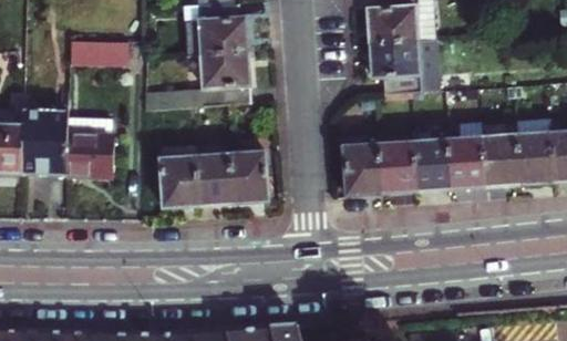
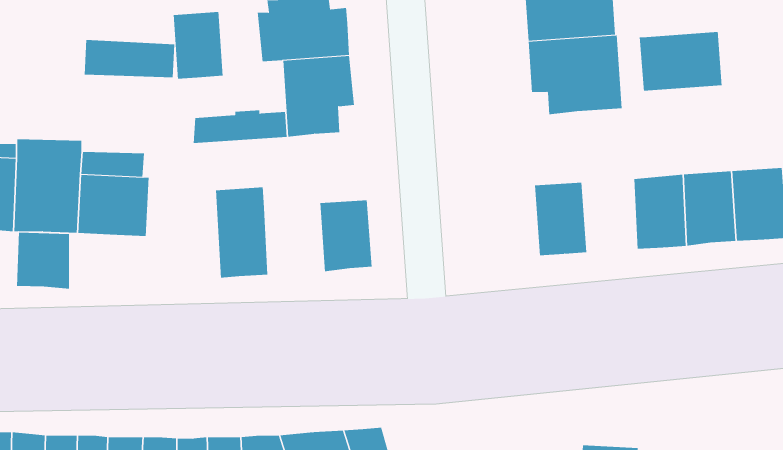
building: none -> [173,11,223,79]
building: none -> [639,31,722,92]
building: [415,140,453,190] -> none
building: [349,144,385,195] -> none
building: [196,156,237,206] -> none
building: none -> [17,232,70,289]

